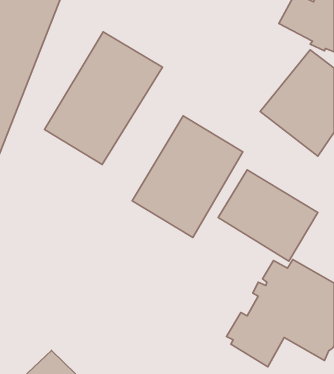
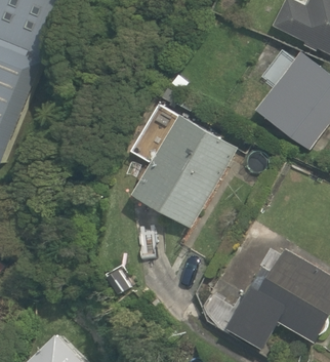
building: [45,32,163,164] -> none
building: [218,170,318,261] -> none

